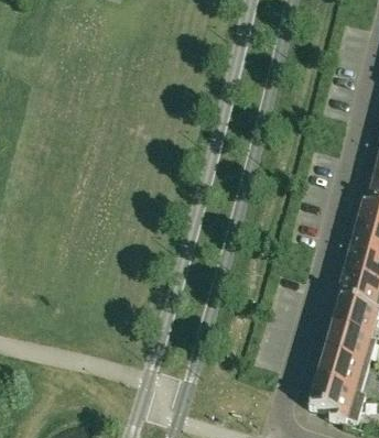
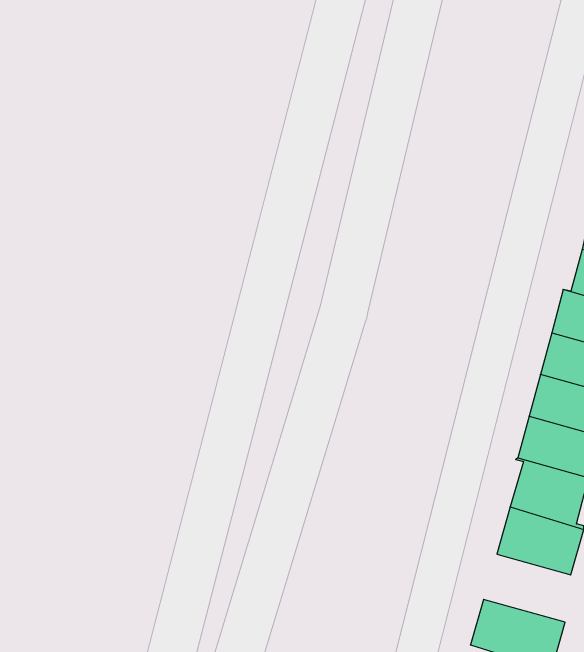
building: [316,353,367,393] -> none

